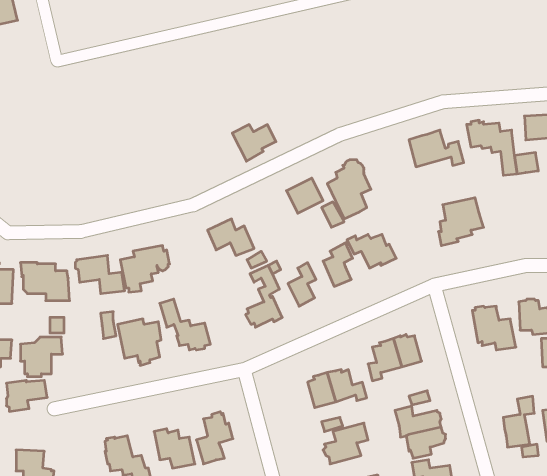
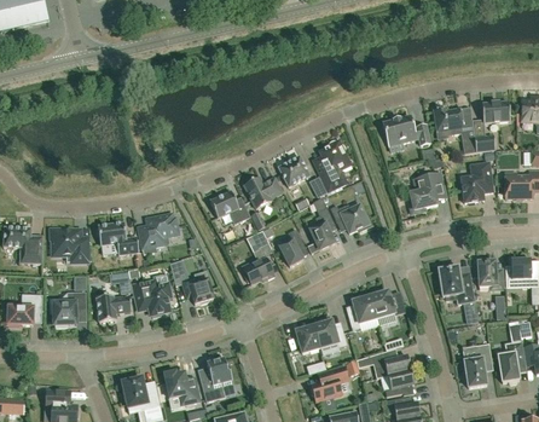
building: [232,125,276,161] -> [244,177,282,208]
building: none -> [460,161,493,201]
building: [6,380,47,411] -> [97,295,132,322]

